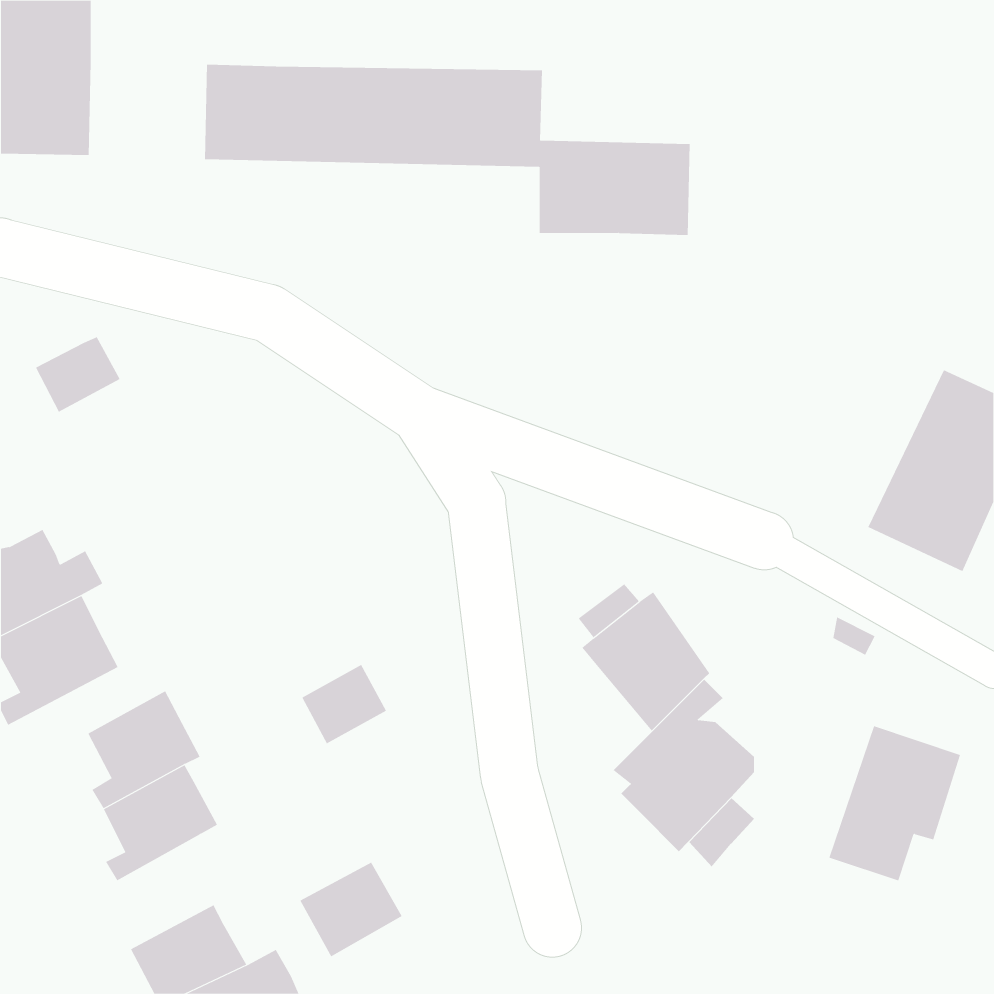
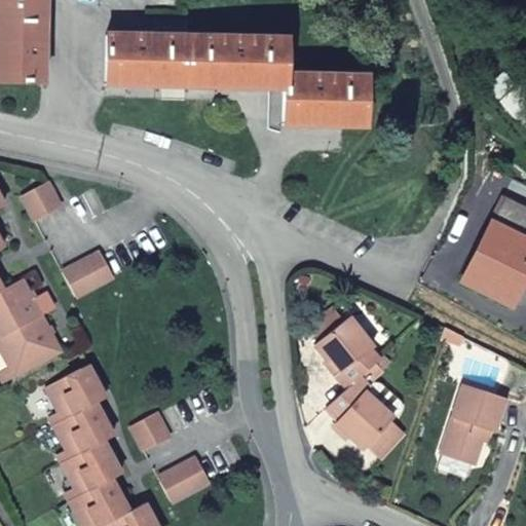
building: none -> [60,247,117,300]
building: [301,664,387,744] -> [130,409,176,451]
building: none -> [62,441,123,501]

